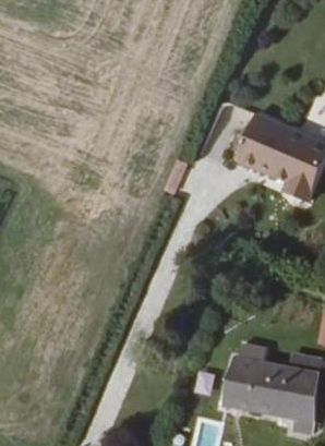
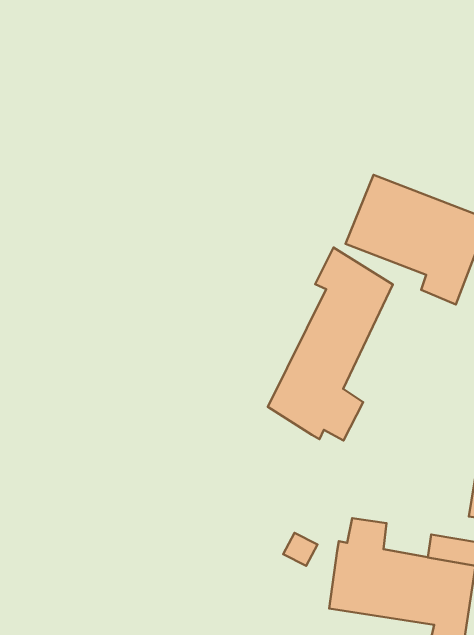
building: none -> [268,248,393,440]

